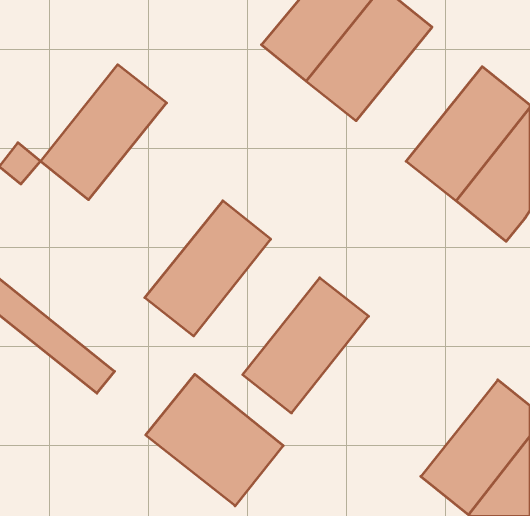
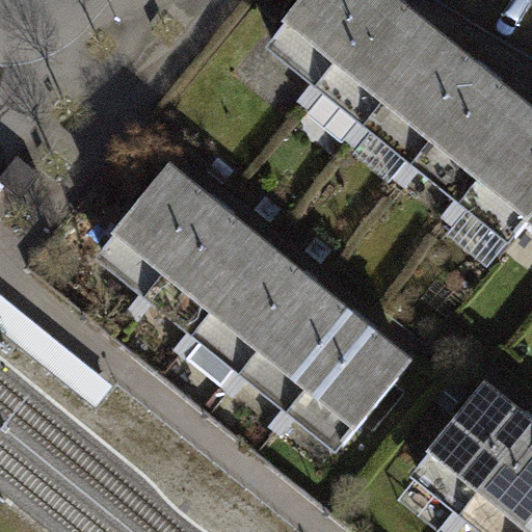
building: none -> [355,27,481,161]
building: [41,64,167,200] -> [97,162,222,297]
building: none -> [193,239,319,374]
building: none -> [291,316,417,451]
building: [146,374,283,506] -> none

